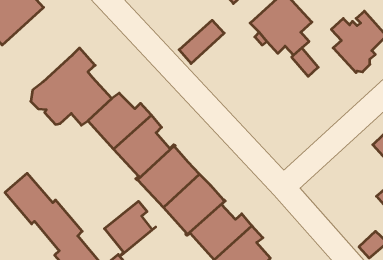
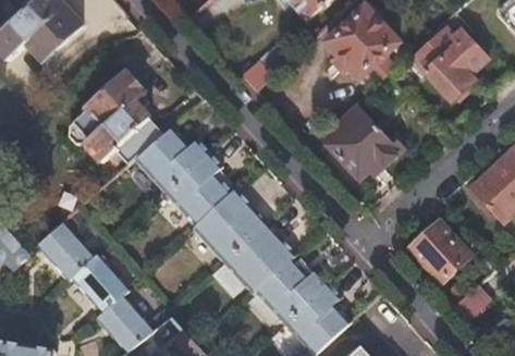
building: none -> [318,102,403,179]
building: none -> [410,220,470,281]
building: [104,201,156,255] -> none

